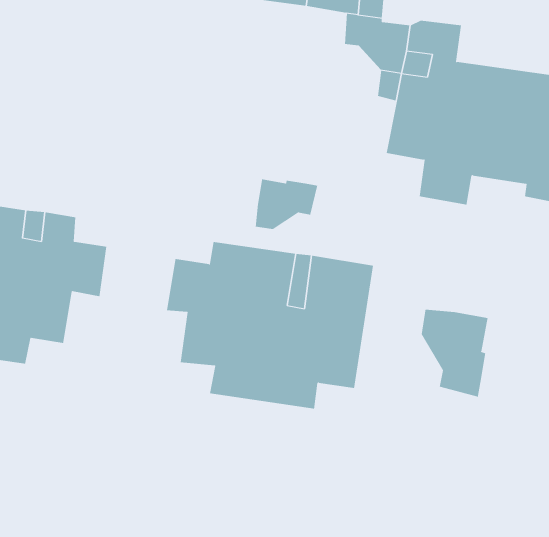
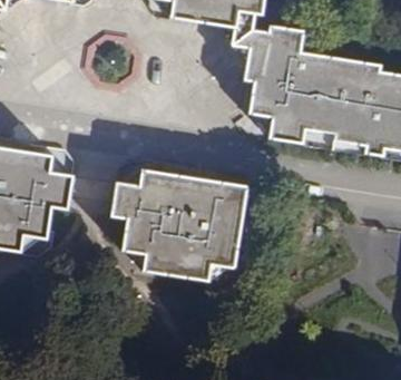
building: [255,178,318,230] -> none
building: [421,309,488,397] -> none

